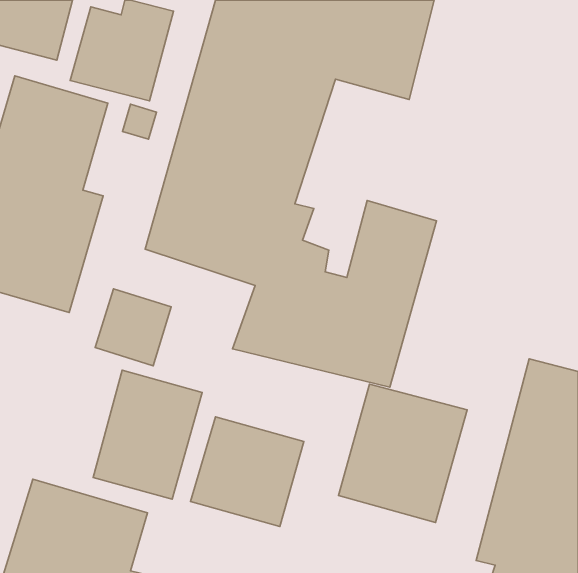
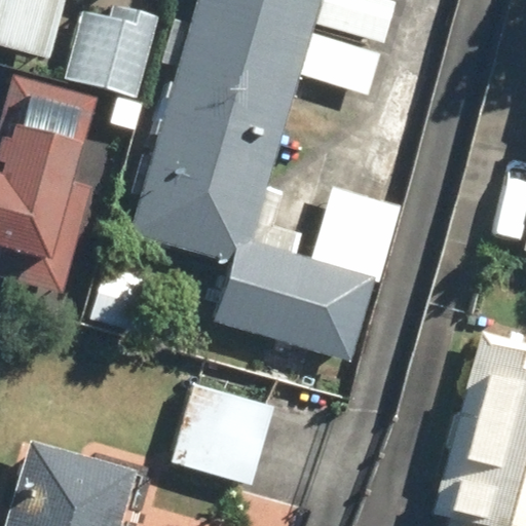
building: [93,370,202,499] -> none
building: [339,384,467,522] -> none

